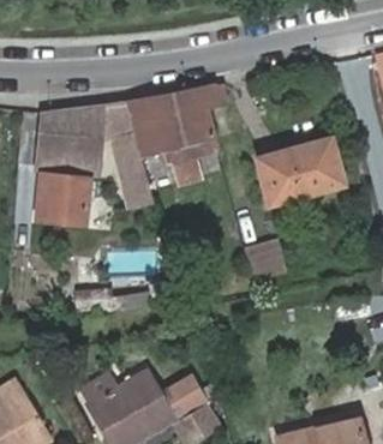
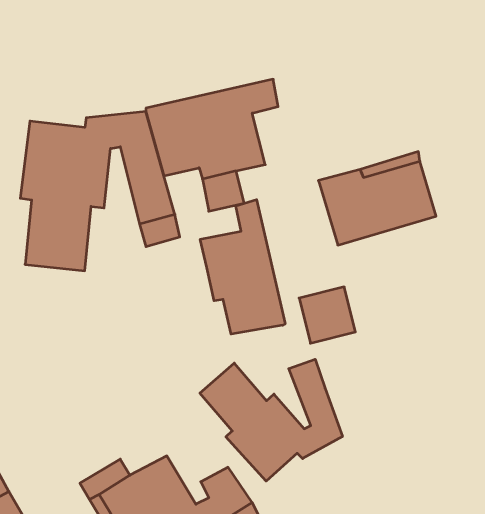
building: none -> [200,200,285,334]
building: none -> [200,359,342,481]

